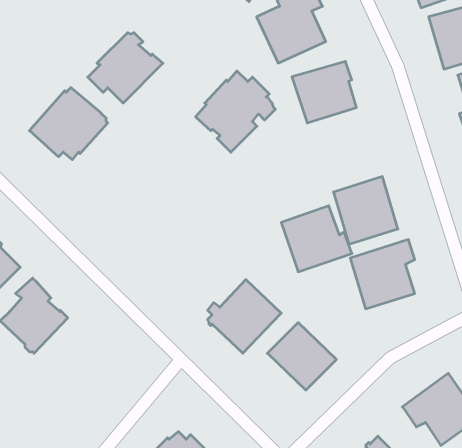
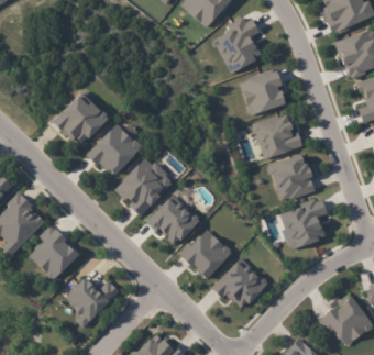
building: [88,33,163,103] -> [87,124,141,175]
building: [196,71,275,152] -> [114,156,172,214]
building: [281,206,352,272] -> [252,112,302,159]
building: none -> [146,197,198,243]
building: none -> [65,279,118,329]

